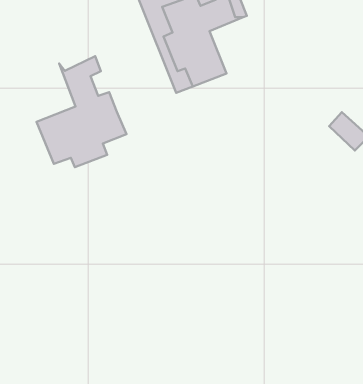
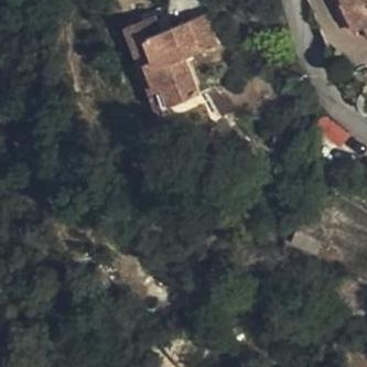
building: [37,56,126,167] -> none

